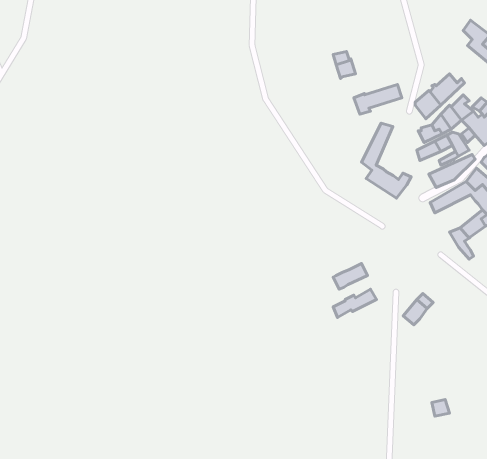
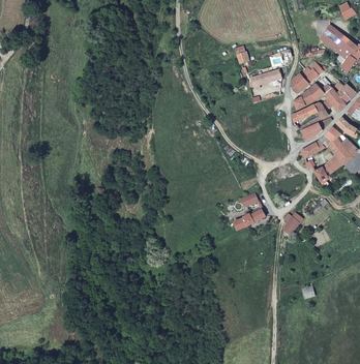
building: [362,123,411,198] -> none

